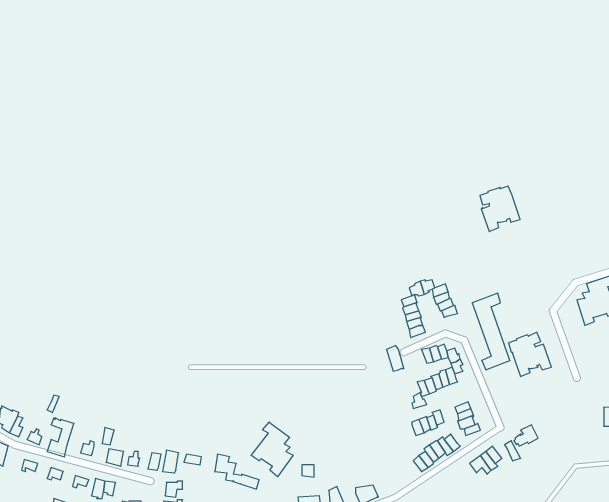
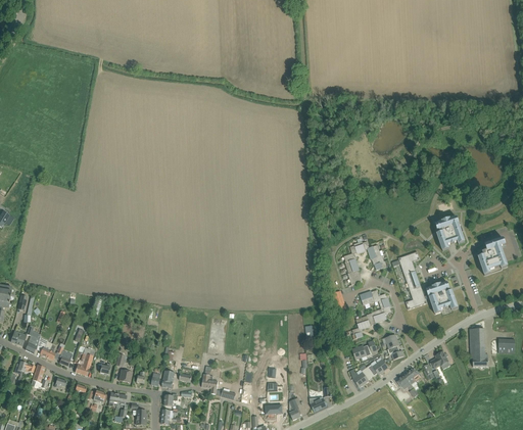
building: [480,186,520,232] -> [434,216,465,250]
building: none -> [469,328,487,366]
building: [251,422,293,477] -> none

